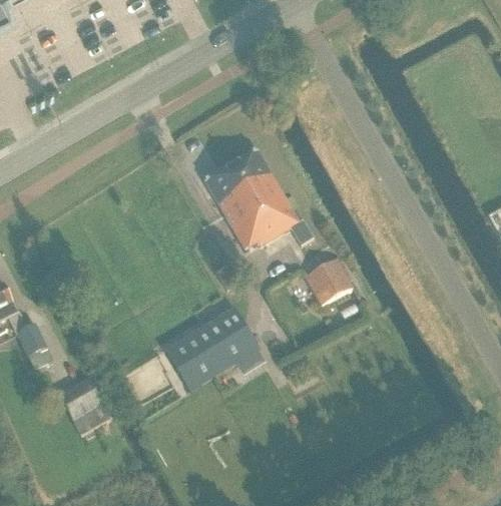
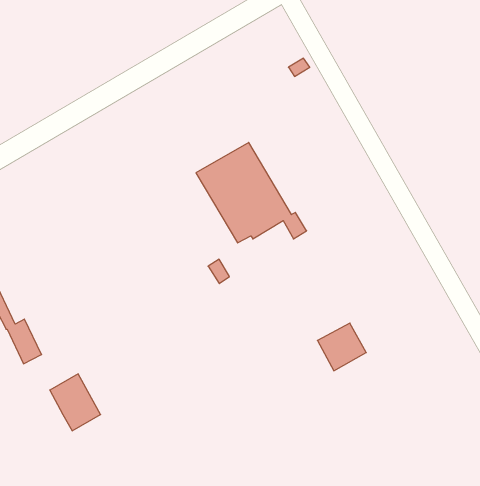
building: [306,258,354,305] -> [317,323,366,371]
building: [165,307,259,390] -> none

